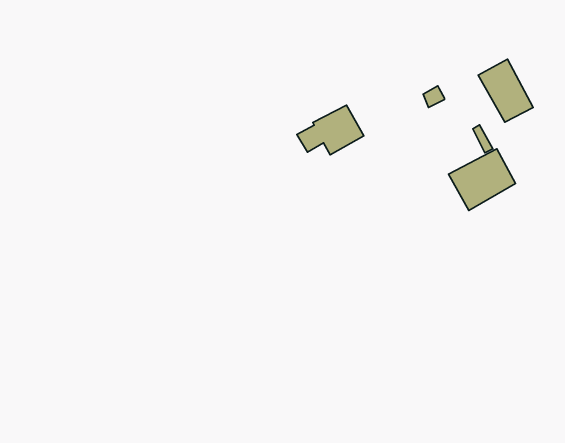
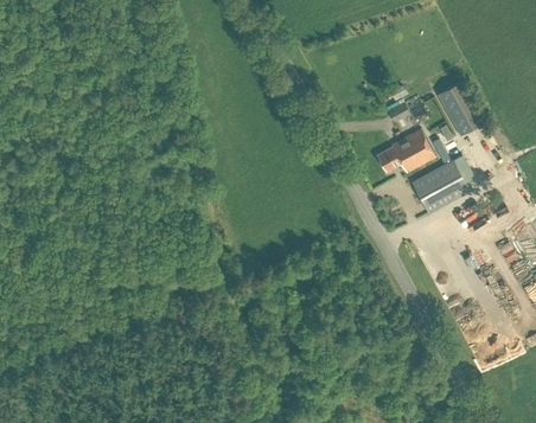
building: [297,105,364,155] -> [375,128,434,172]

